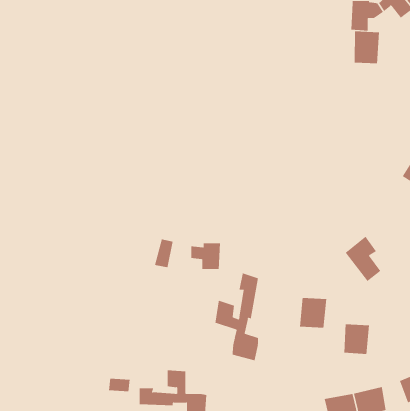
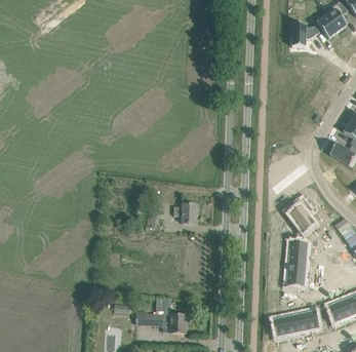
building: [354,31,379,64] -> none
building: [215,273,259,361] -> none
building: [299,297,327,328] -> [287,241,308,264]

